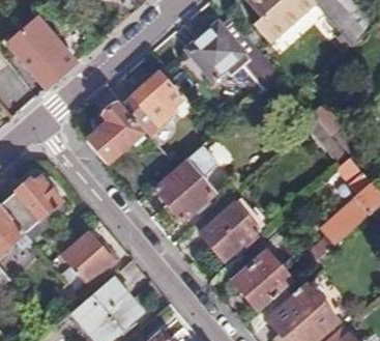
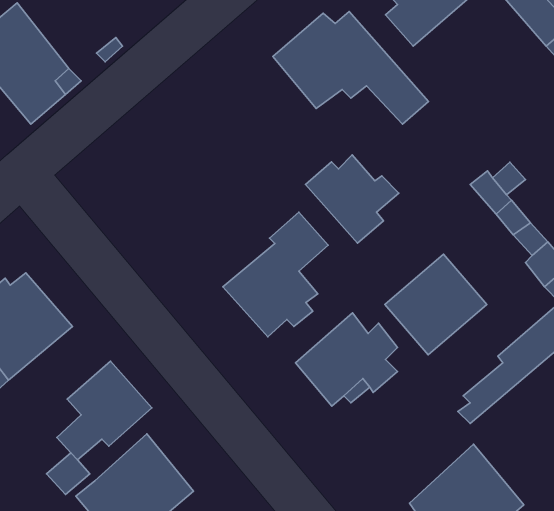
building: [130,73,186,125] -> [306,155,399,243]
building: [85,102,140,162] -> none
building: [233,248,294,308] -> [385,254,487,355]

